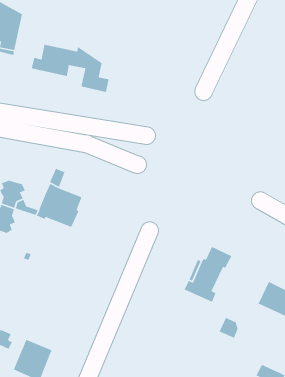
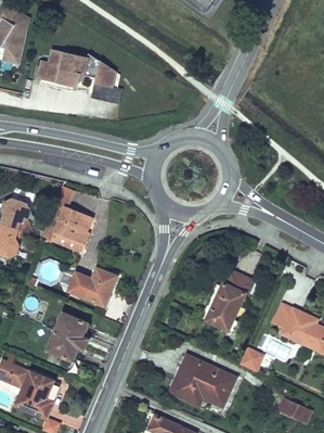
building: none -> [68,268,117,305]
building: none -> [48,313,89,360]
building: none -> [170,355,236,407]

